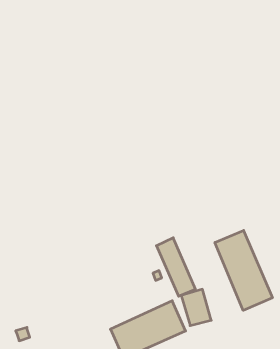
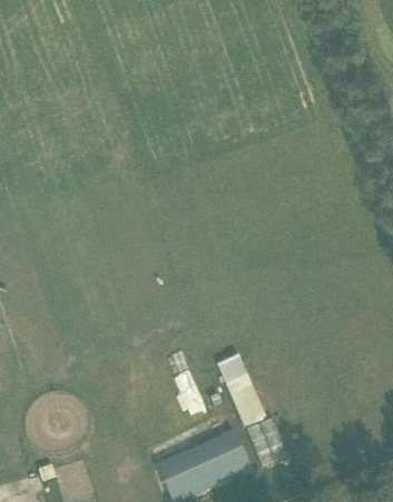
building: [215,230,272,310] -> none

